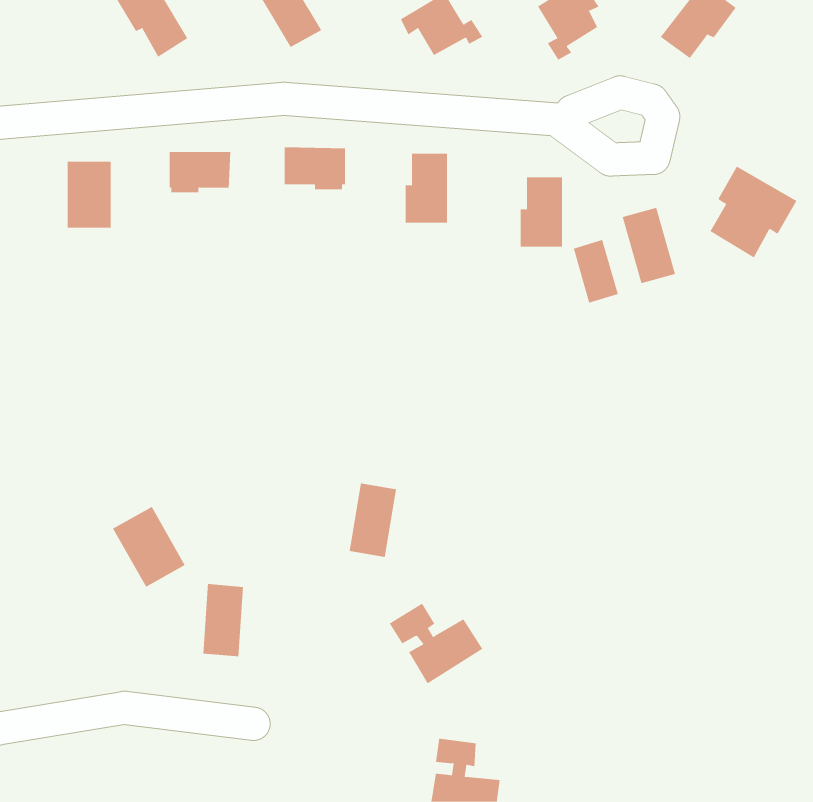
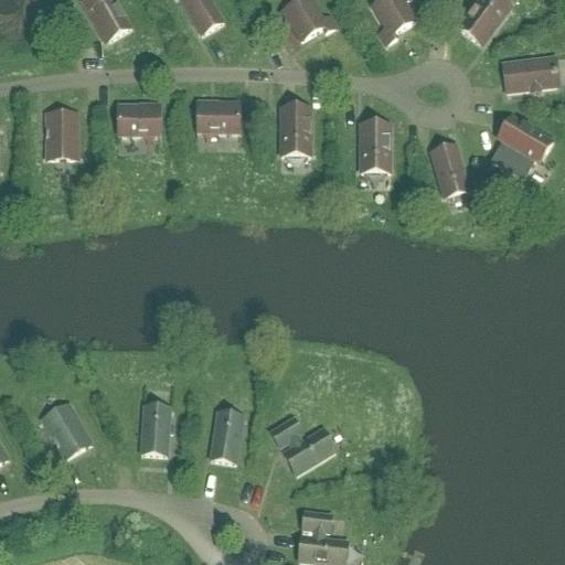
building: none -> [502,55,557,90]
building: [573,239,618,304] -> none
building: [349,483,397,558] -> [210,411,243,462]
building: [112,506,186,588] -> [41,402,92,458]

